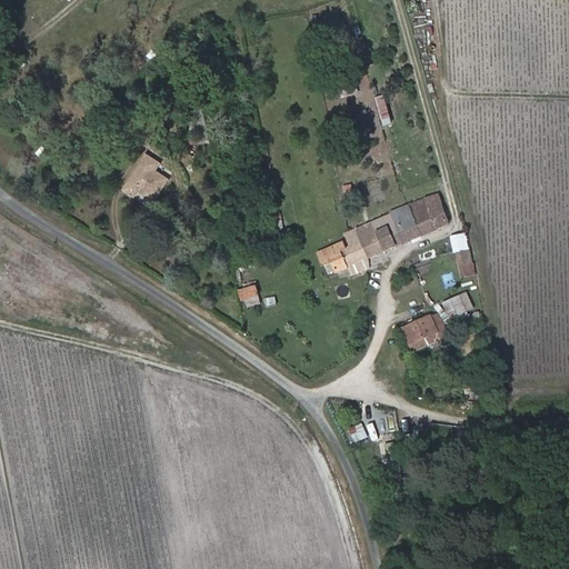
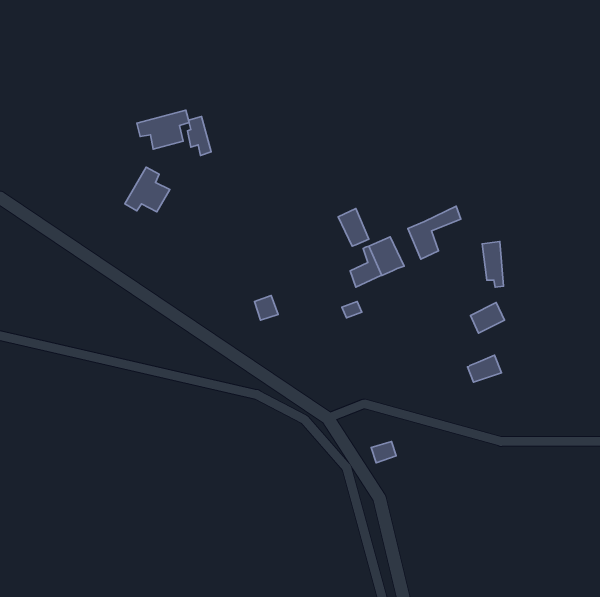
building: none -> [137,110,189,149]
building: [409,207,443,237] -> none
building: [370,216,399,251] -> [338,208,369,246]
building: [400,317,432,342] -> [467,355,502,382]

